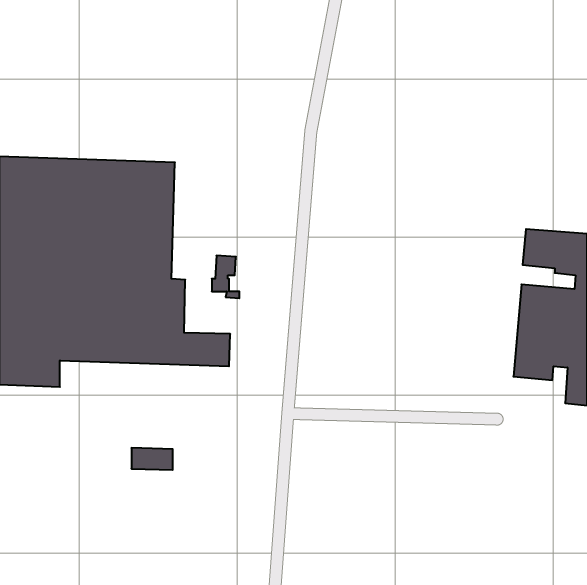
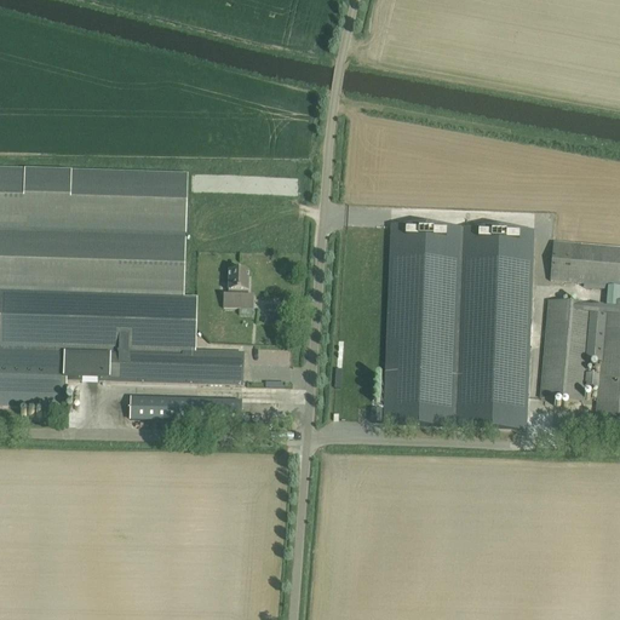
building: none -> [383,226,533,426]
building: [131,448,173,470] -> [128,395,172,418]

